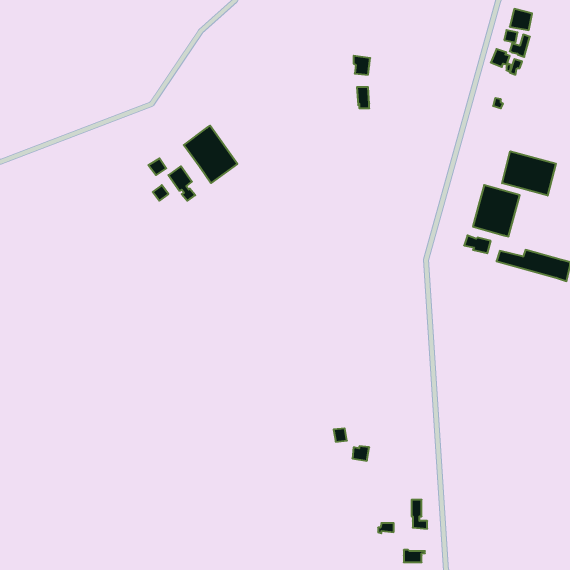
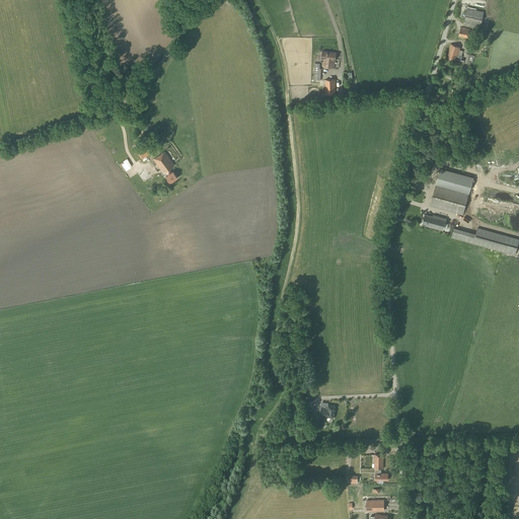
building: [184,126,237,183] -> none
building: [502,151,556,196] -> none

